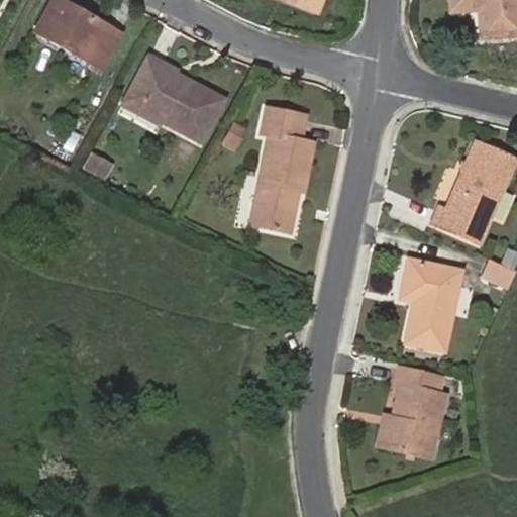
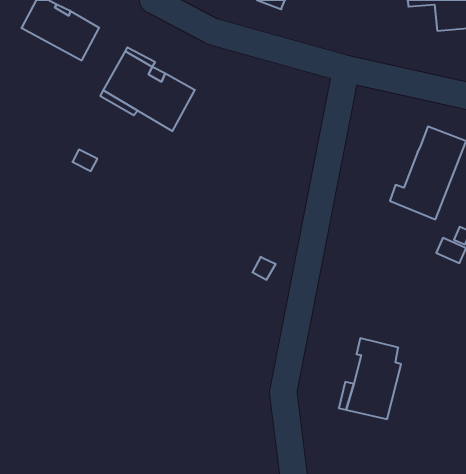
building: [252,105,312,231] -> none
building: [401,258,460,349] -> none

